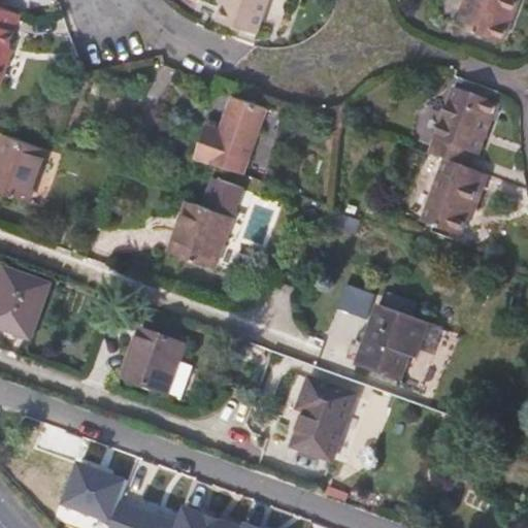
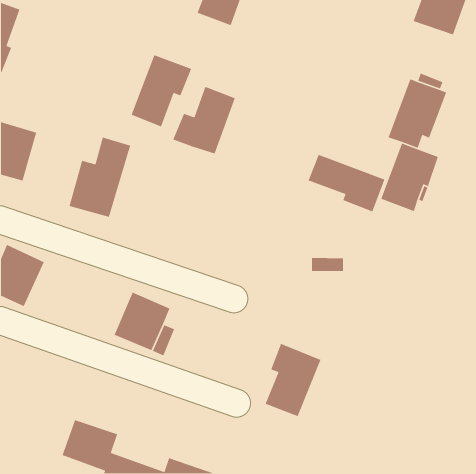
building: none -> [131,54,192,127]
building: none -> [308,154,385,213]
building: [167,180,236,270] -> [69,137,131,218]
building: [358,308,428,385] -> none

